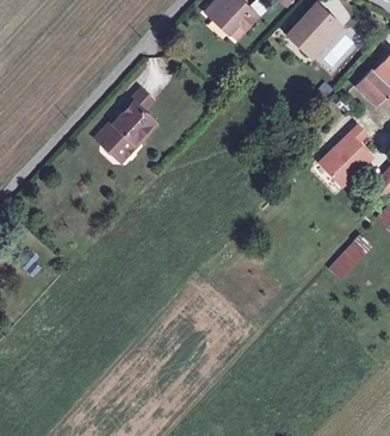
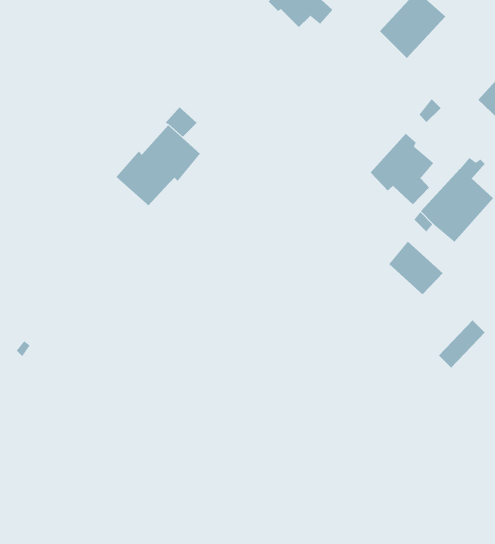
building: none -> [370,133,434,205]
building: none -> [389,241,443,295]

